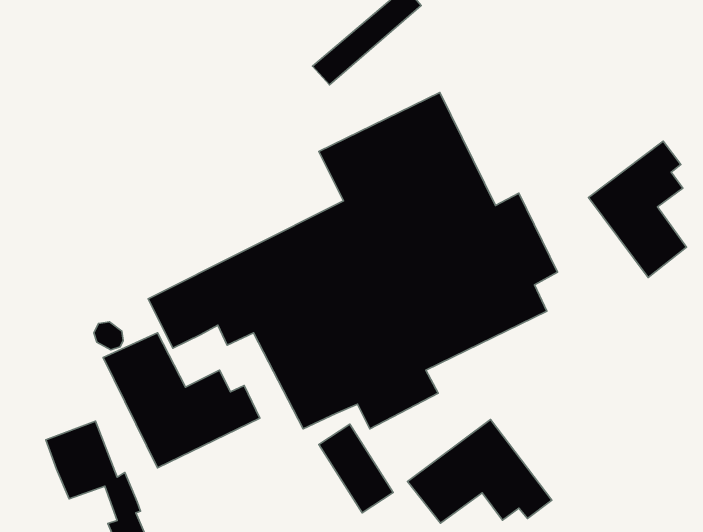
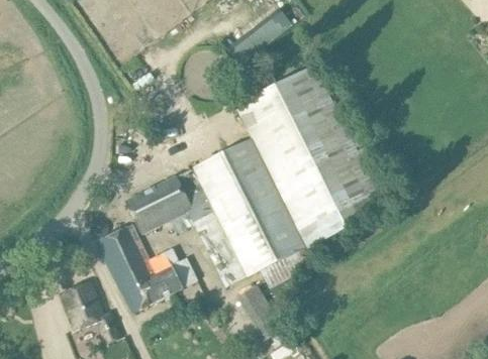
building: [588,141,687,278] -> none
building: [408,419,552,523] -> none

